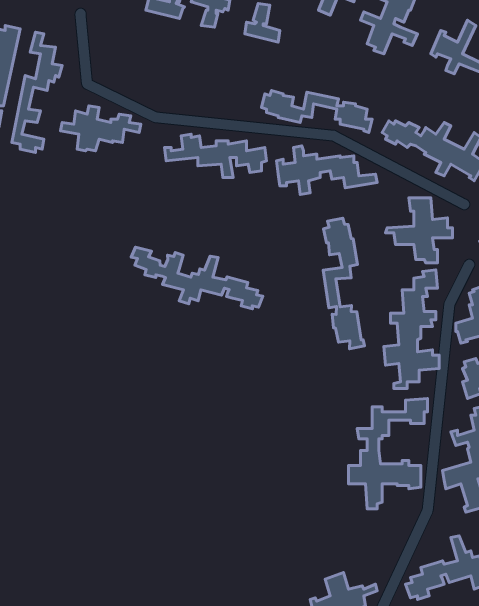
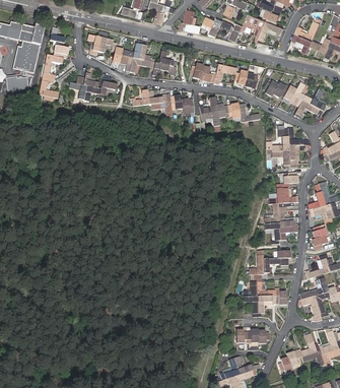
building: none -> [203,17,243,42]
building: none -> [87,35,176,74]
building: [323,218,365,349] -> none
building: [131,247,263,309] -> none
building: none -> [235,328,269,343]

